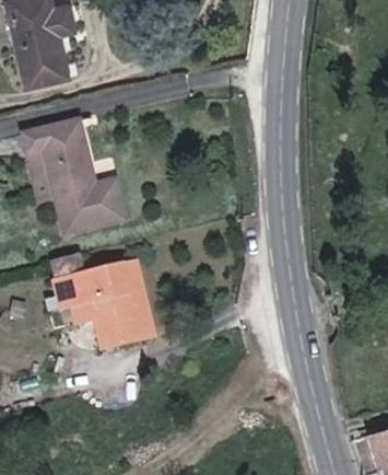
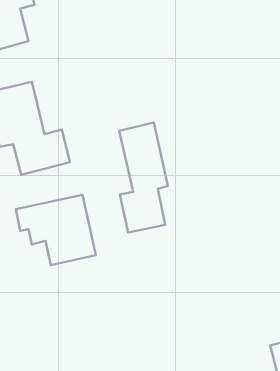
building: none -> [119,122,168,232]

